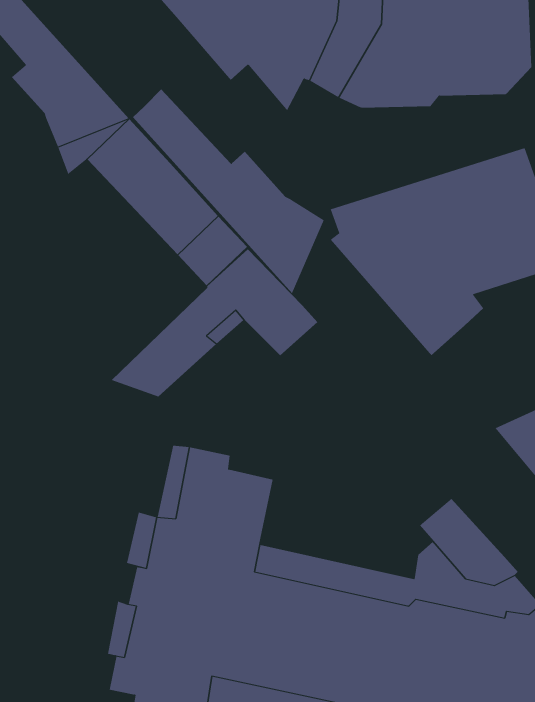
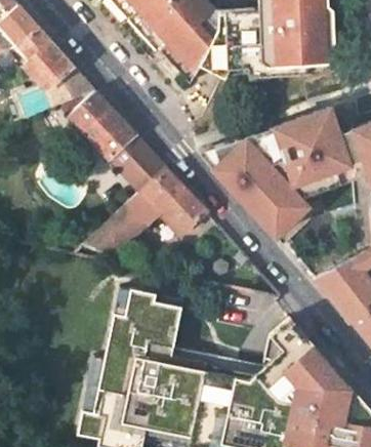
building: [132,89,325,294] -> none

